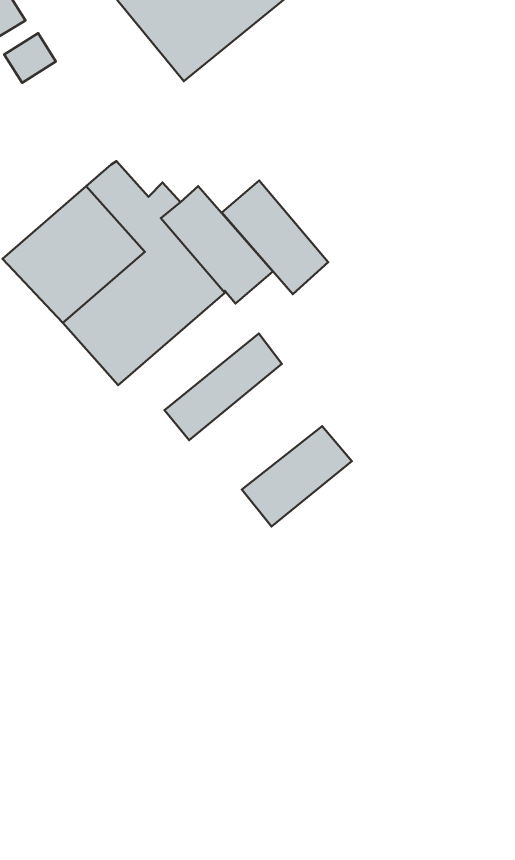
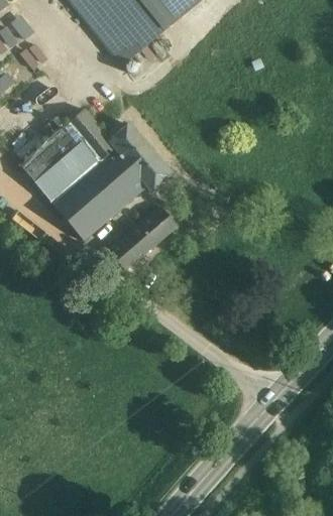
building: [222,181,328,294] -> none
building: [242,426,352,526] -> none

